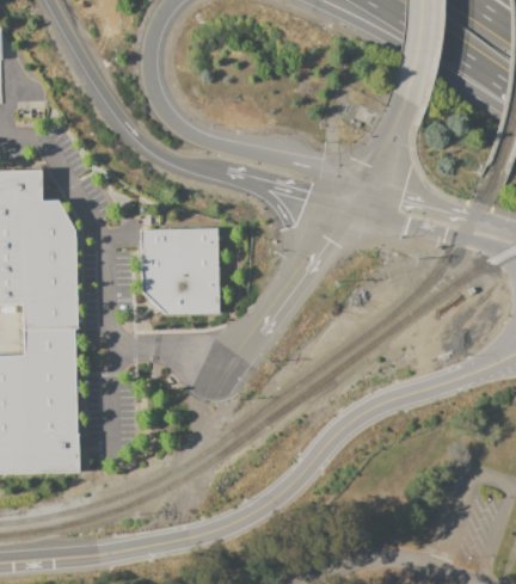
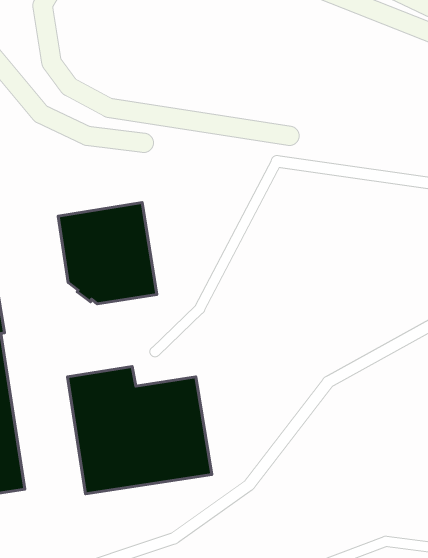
building: none -> [67,367,212,494]

